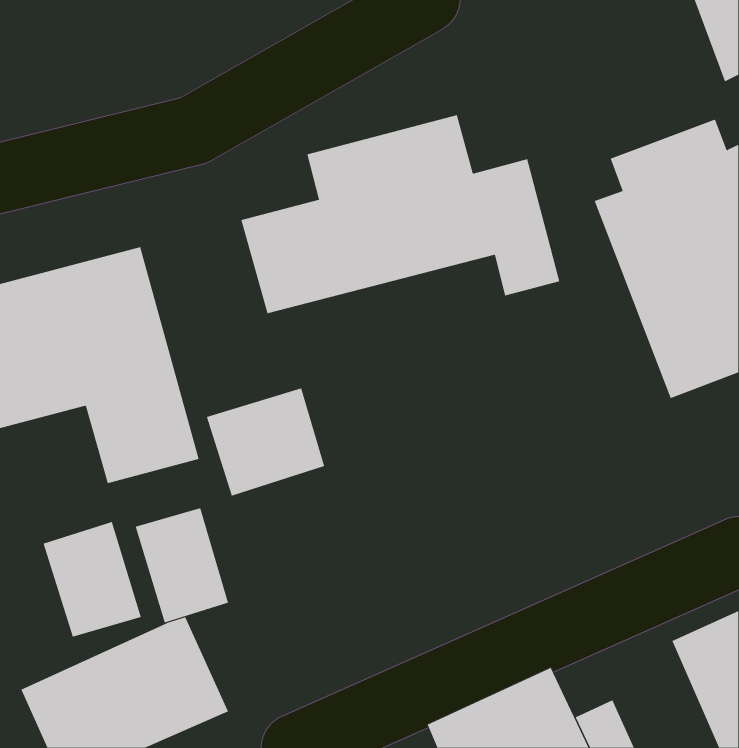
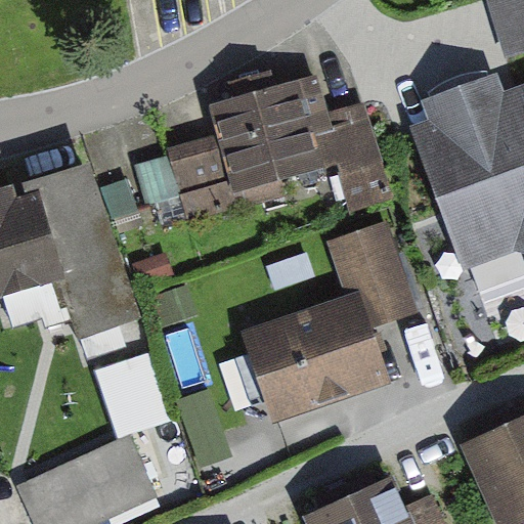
building: none -> [245,228,410,421]
building: [206,387,325,496] -> none
building: [43,521,141,637] -> none

